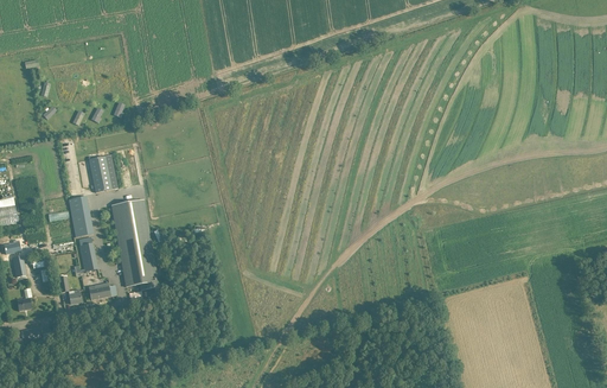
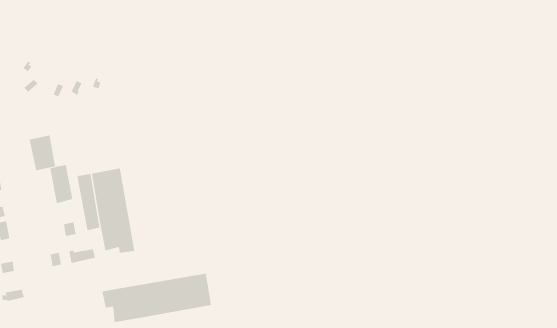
building: [88,154,116,192] -> [29,135,56,171]
building: none -> [102,273,211,323]

